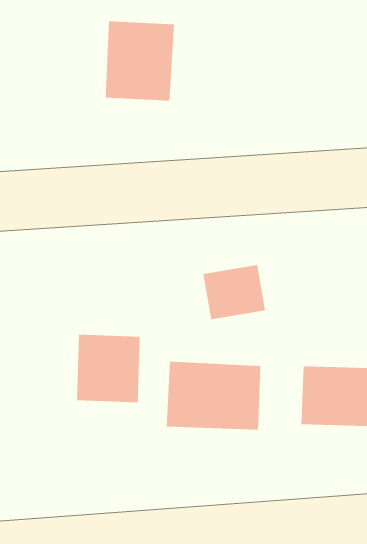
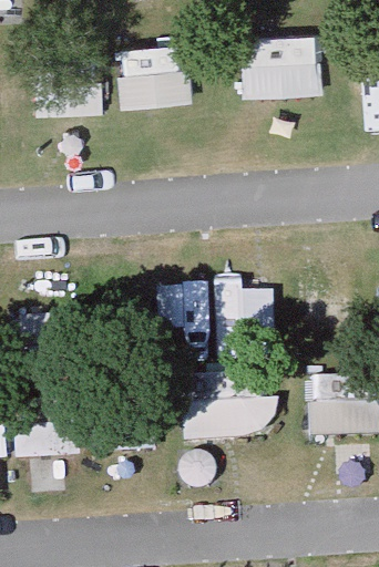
building: none -> [243,35,320,97]
building: [76,334,140,403] -> none

